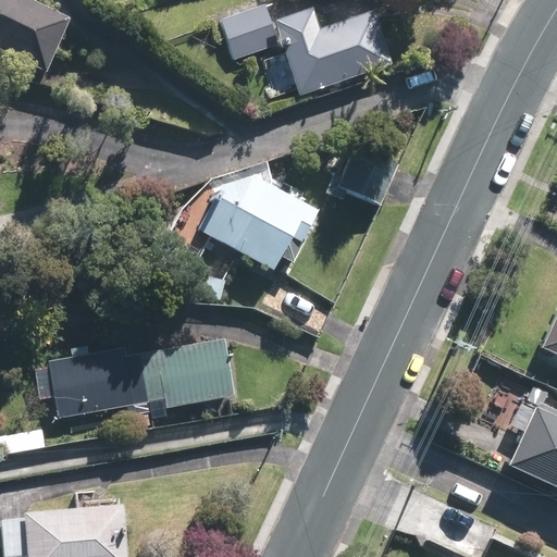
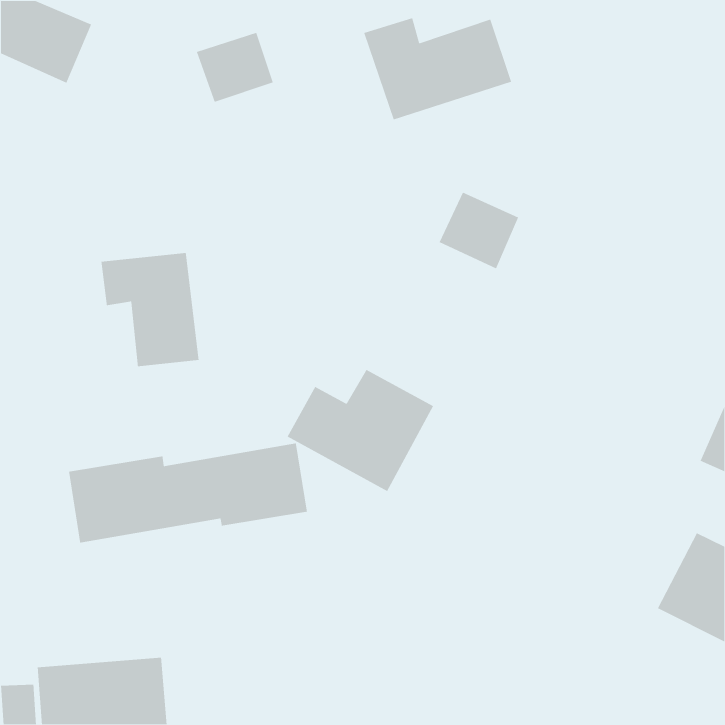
building: [218,7,277,61] -> [196,32,274,103]
building: [197,175,310,270] -> [287,369,434,492]
building: none -> [100,252,199,367]

